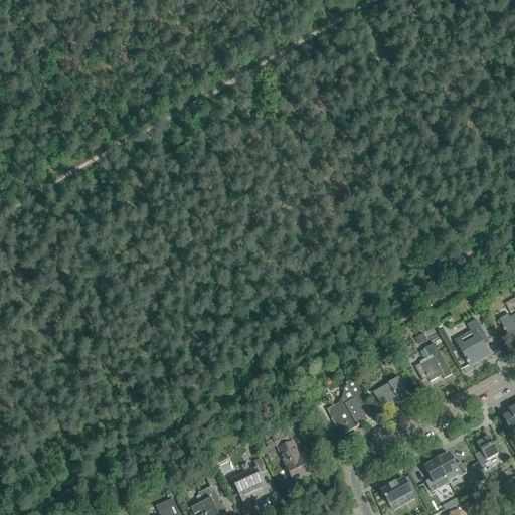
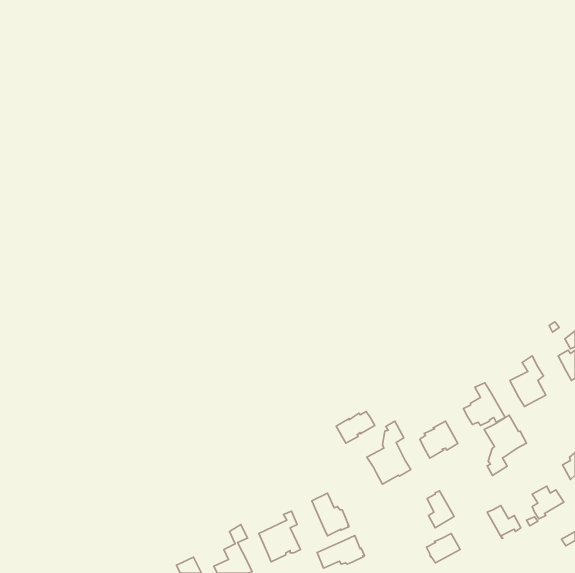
building: none -> [336,412,375,443]
building: none -> [484,415,527,475]
building: [424,458,449,491] -> [427,491,454,528]
building: none -> [317,535,365,568]

